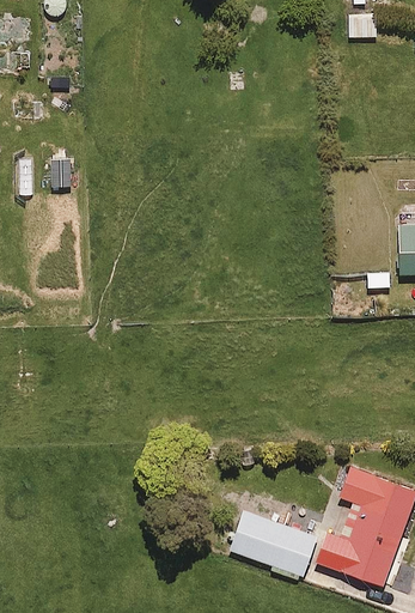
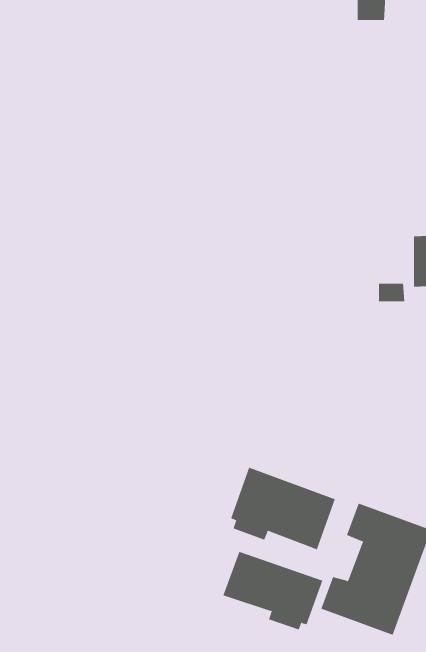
building: none -> [230,467,336,550]

